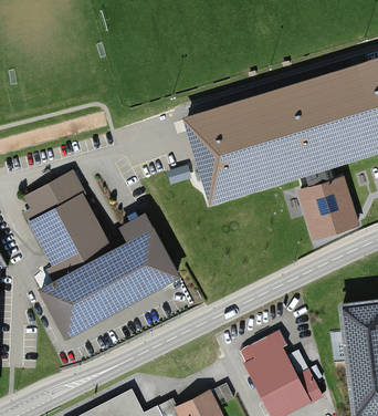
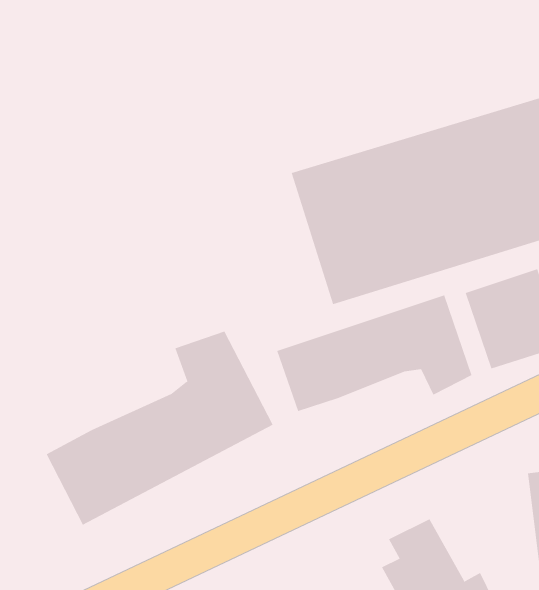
building: [25,176,112,279] -> none
building: none -> [276,295,472,412]

